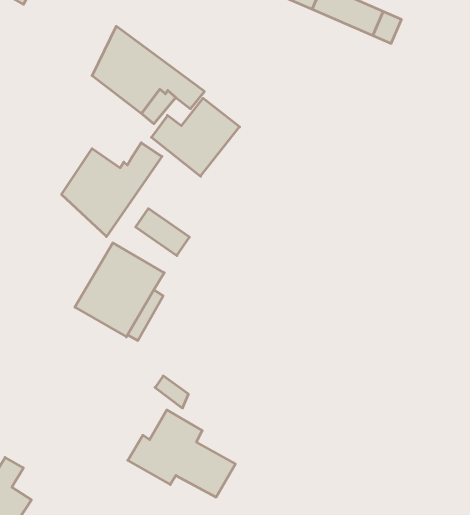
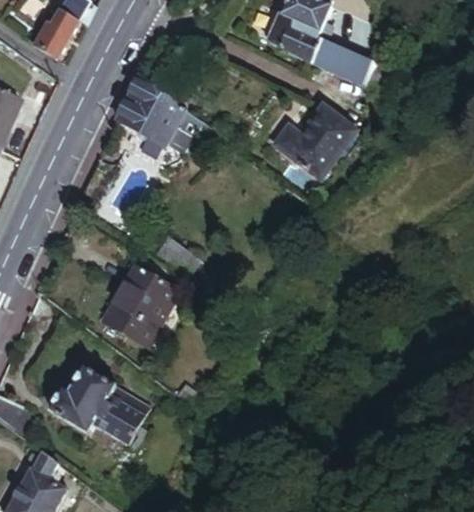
building: [151,98,240,176] -> [273,111,350,179]
building: [62,143,162,237] -> none
building: [128,410,235,497] -> [51,366,145,442]

